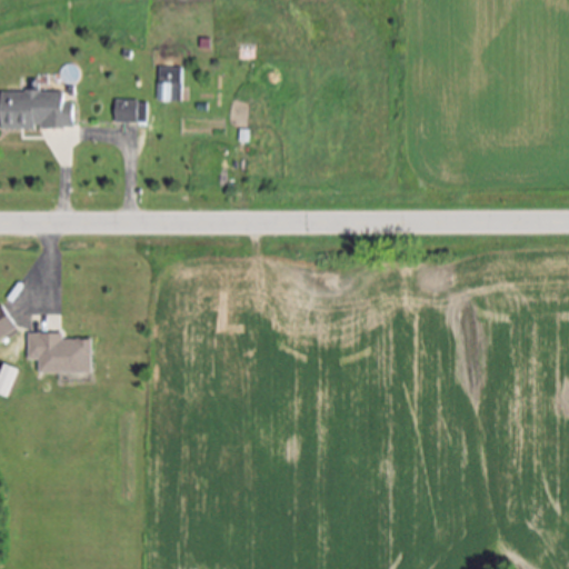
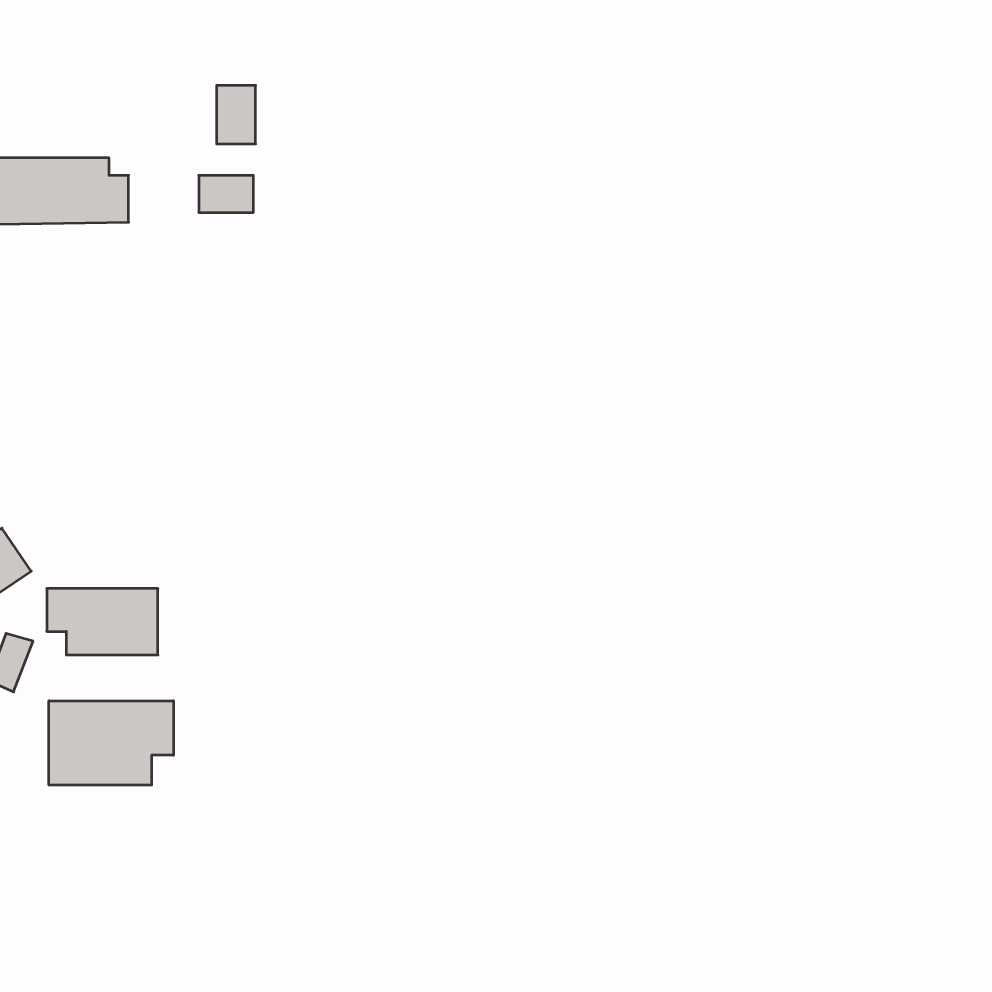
building: [157,67,179,100] -> [217,85,256,144]
building: none -> [49,701,173,785]

